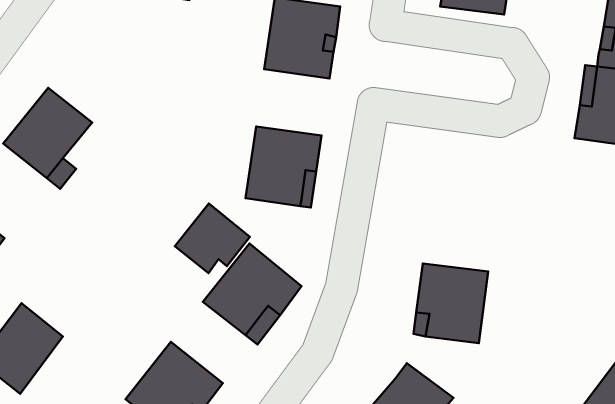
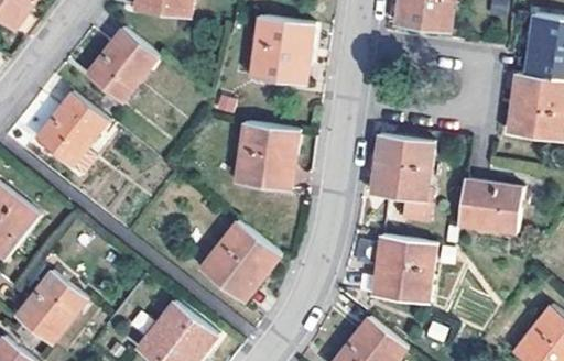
building: none -> [85,30,158,103]
building: none -> [370,134,432,201]
building: none -> [458,179,522,233]
building: [175,204,250,273] -> none

